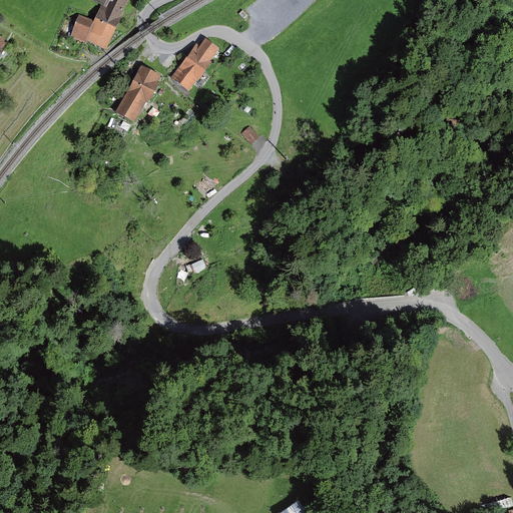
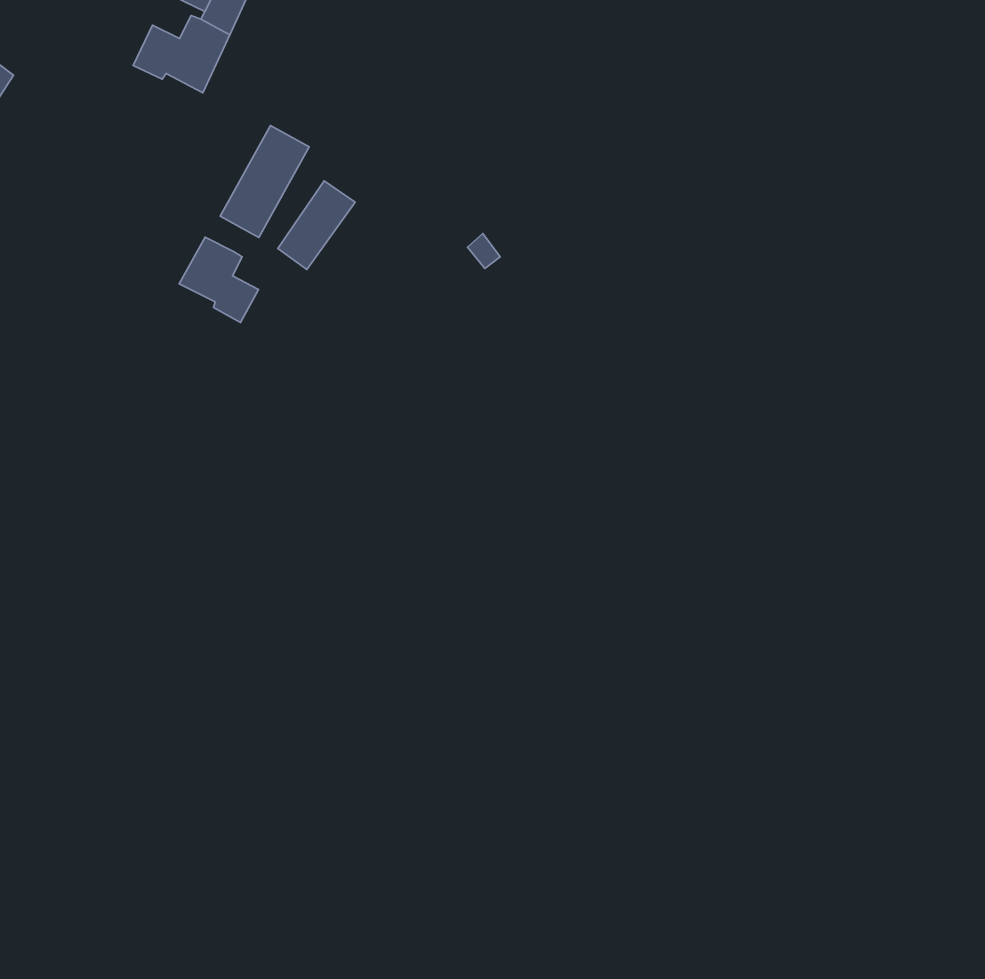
building: [175,40,215,86] -> [278,181,355,270]
building: none -> [179,237,258,322]

